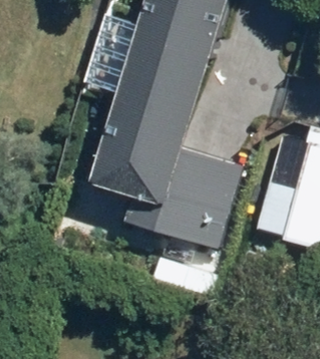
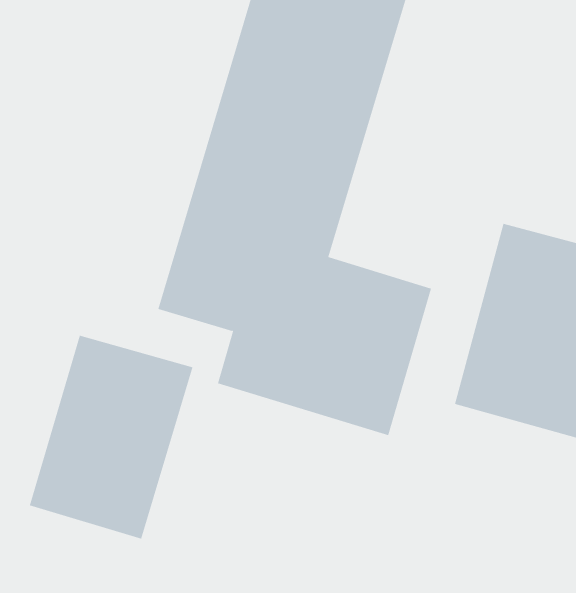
building: none -> [29,335,193,540]

